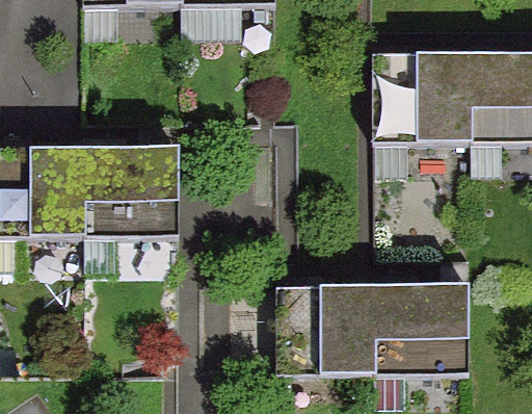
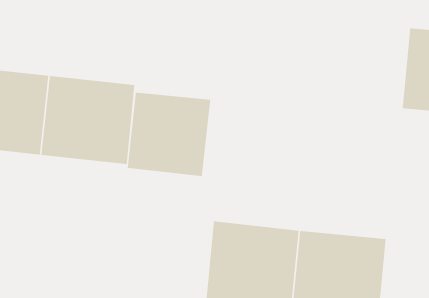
building: [376,52,471,141] -> none
building: none -> [127,92,211,177]

